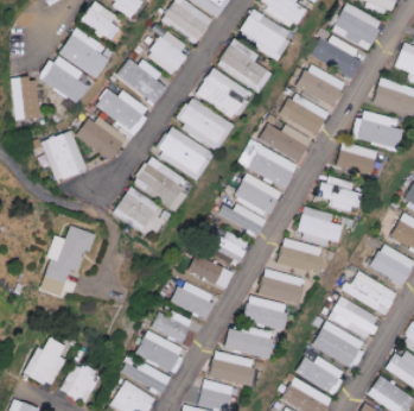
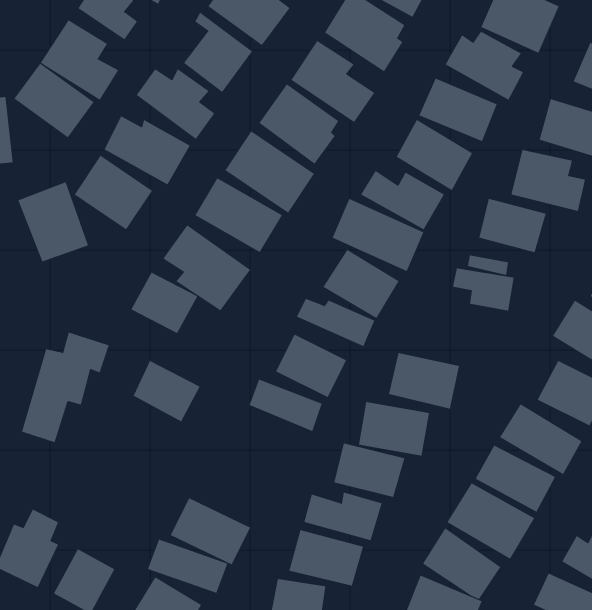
building: [295,208,339,244] -> none
building: [173,280,216,320] -> [133,360,200,422]
building: [154,312,195,343] -> none

